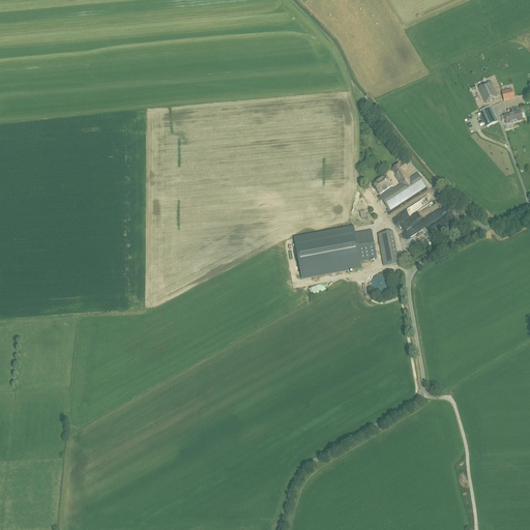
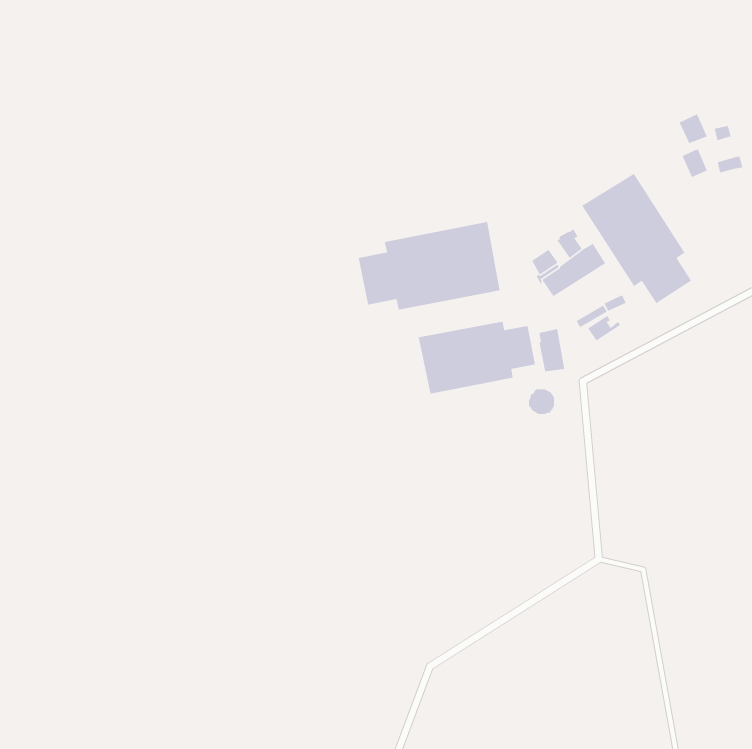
building: none -> [581,173,692,304]
building: none -> [358,221,500,310]

